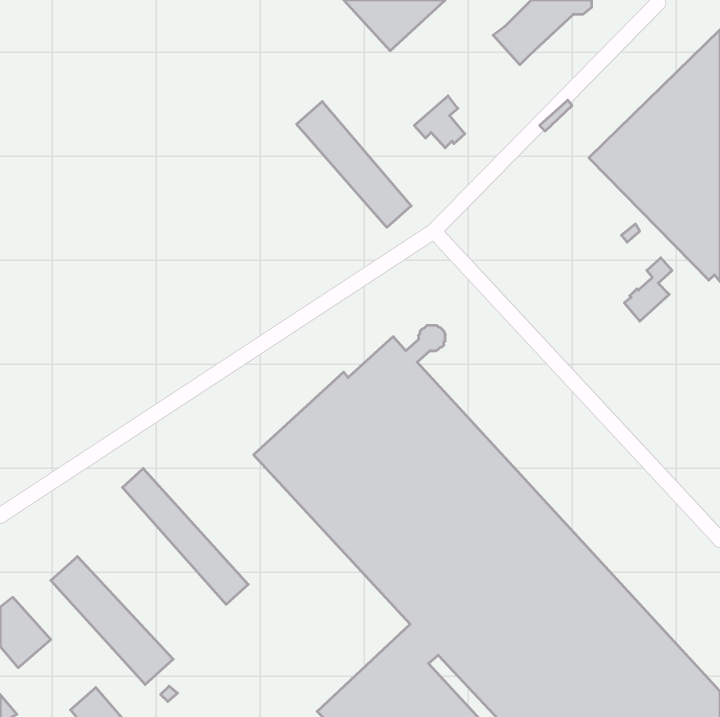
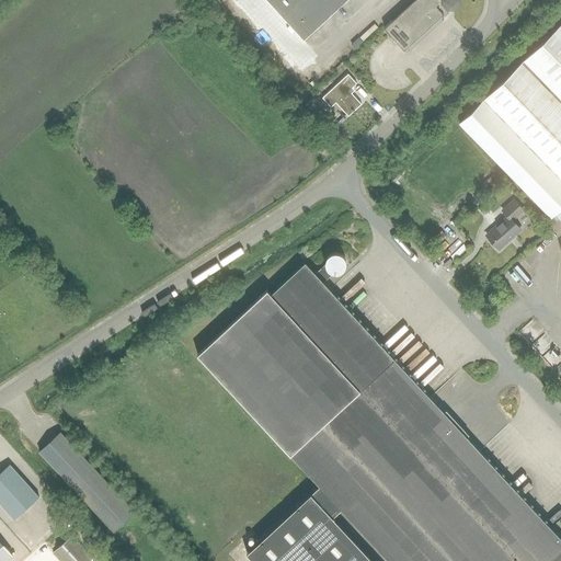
building: [297,101,411,227] -> none
building: [122,468,248,604] -> none

